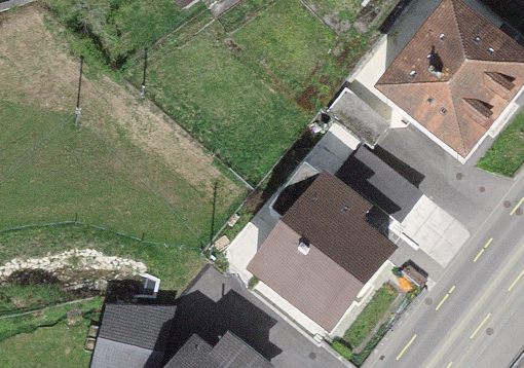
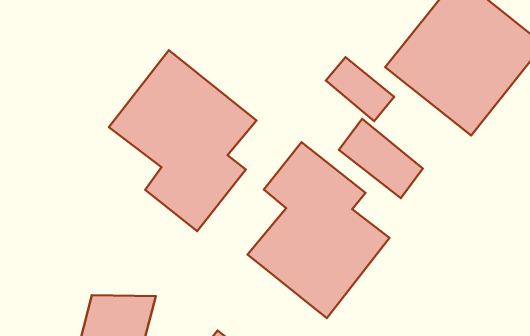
building: none -> [109,50,256,231]

